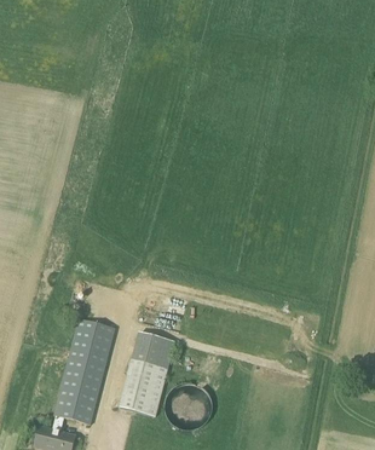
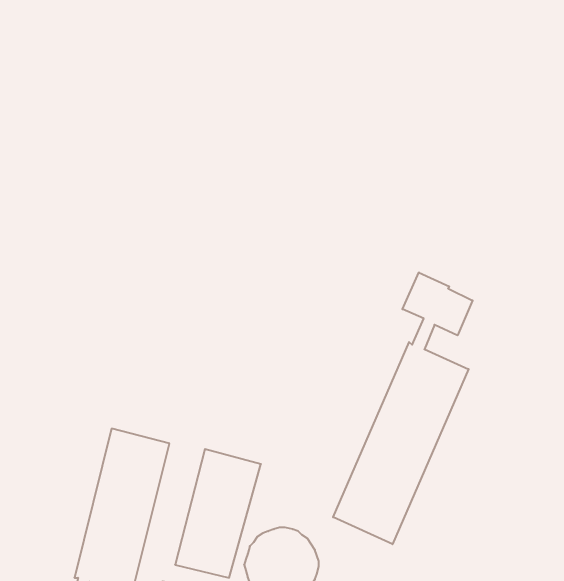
building: none -> [333,272,473,544]

